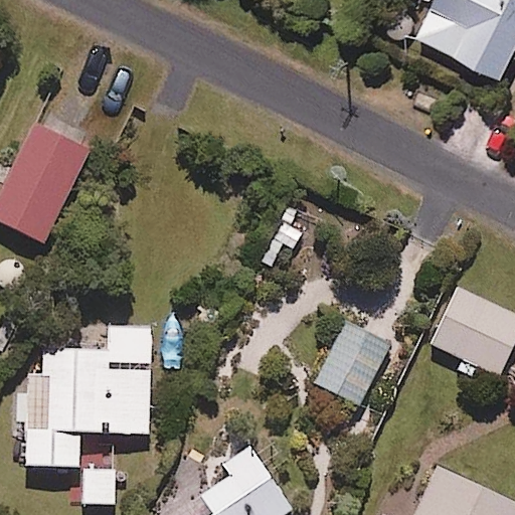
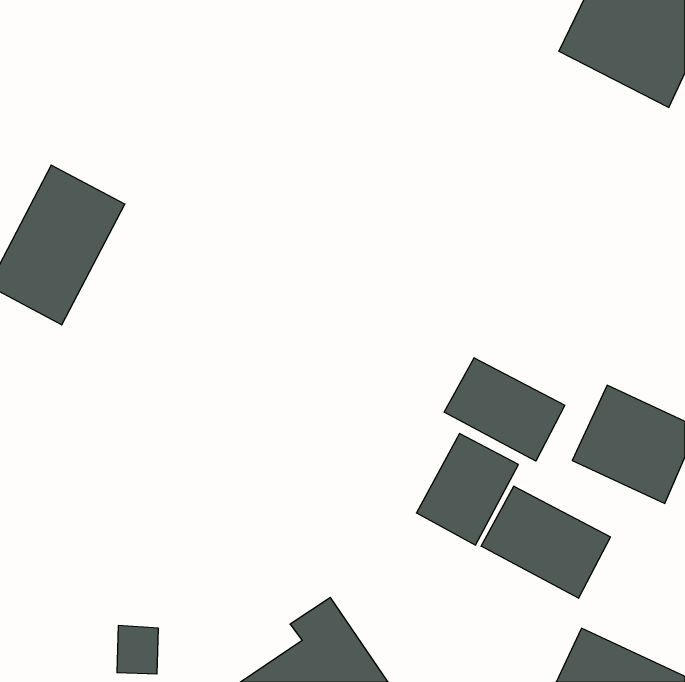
building: none -> [444,358,565,461]
building: [11,322,154,467] -> none
building: none -> [481,486,610,598]

